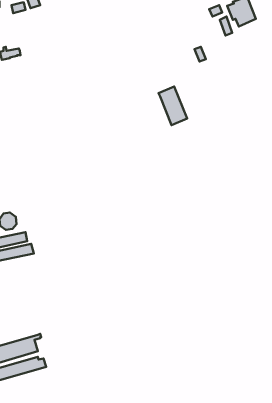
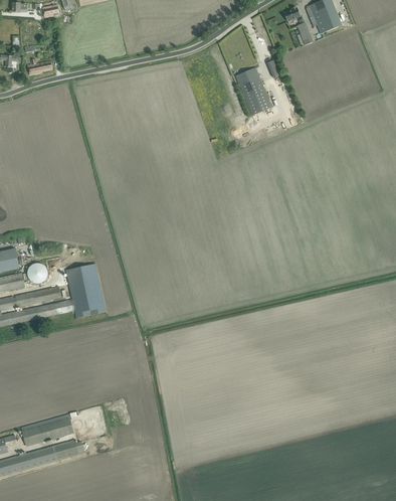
building: [158,87,187,125] -> [235,67,270,115]
building: none -> [65,263,106,318]

